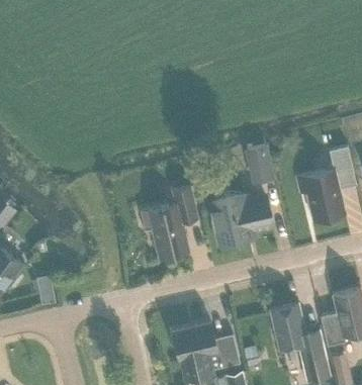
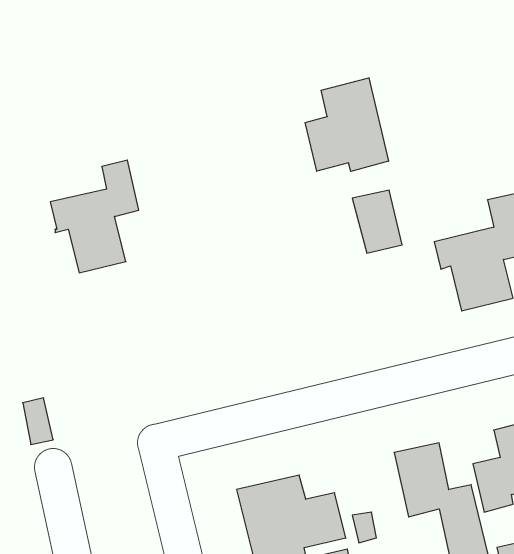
building: none -> [305,78,389,171]
building: [141,187,196,258] -> [50,160,139,273]
building: [211,193,271,244] -> none

